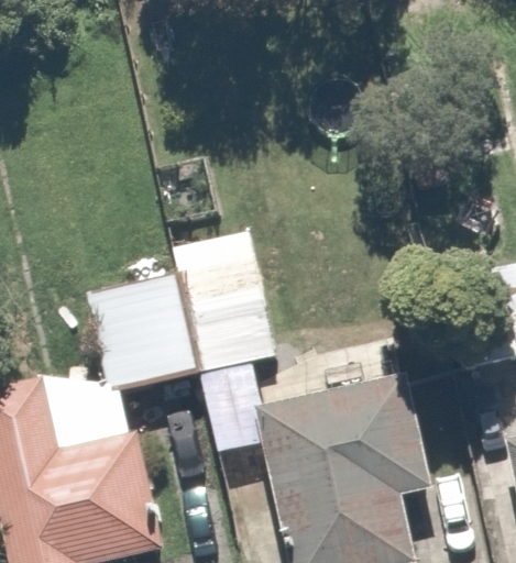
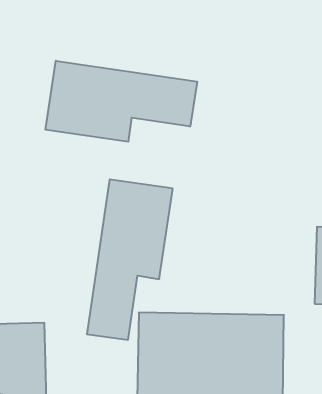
building: none -> [46,61,197,142]
building: [97,285,193,391] -> none

